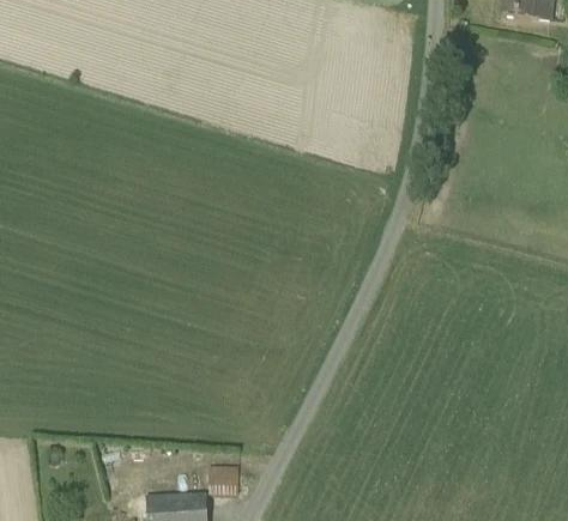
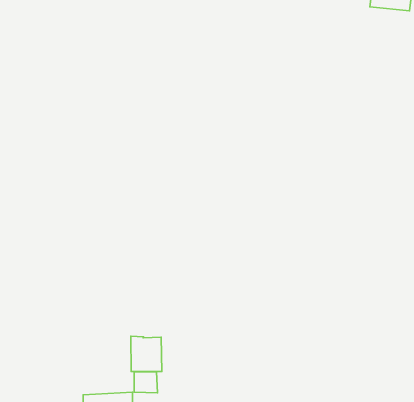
building: none -> [131,336,162,372]

